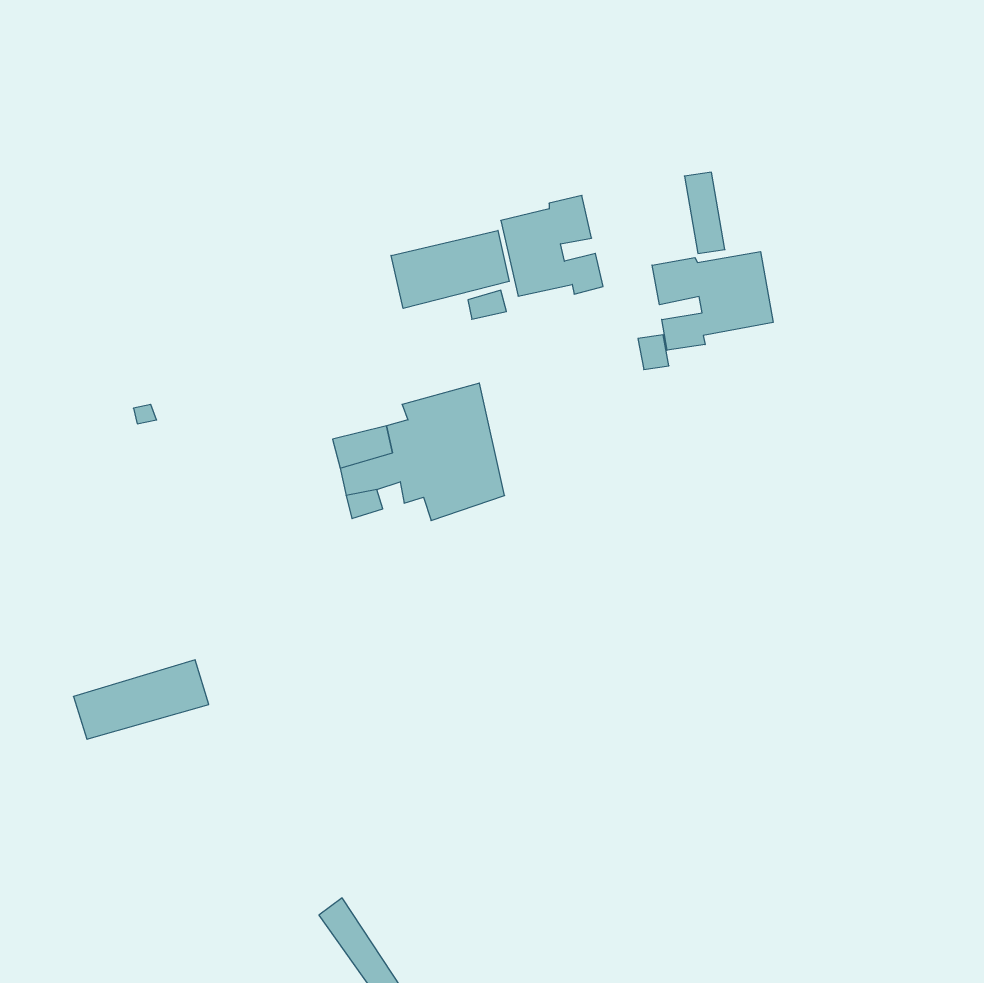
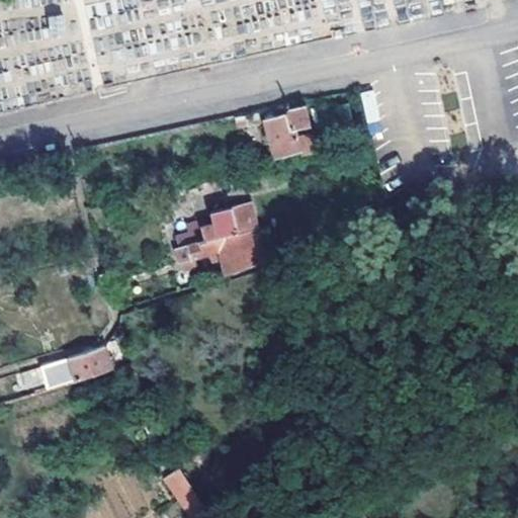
building: [391,230,509,308] -> none
building: [652,252,773,350] -> none

